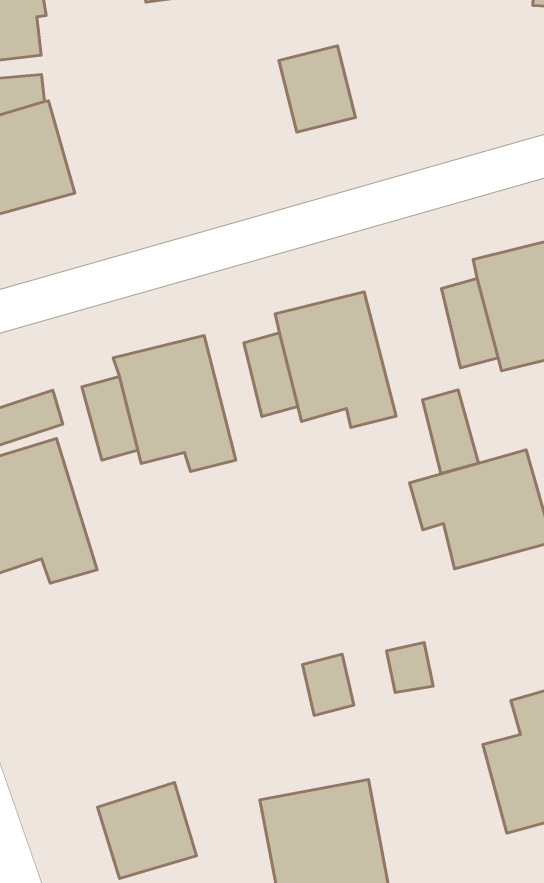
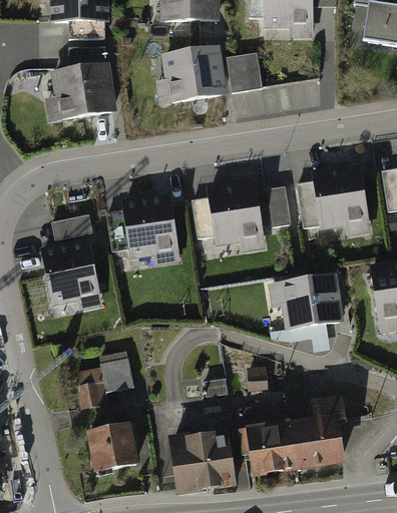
building: none -> [155,46,222,103]
building: [423,390,479,474] -> [266,185,291,227]
building: none -> [71,351,134,411]
building: none -> [237,403,298,476]

